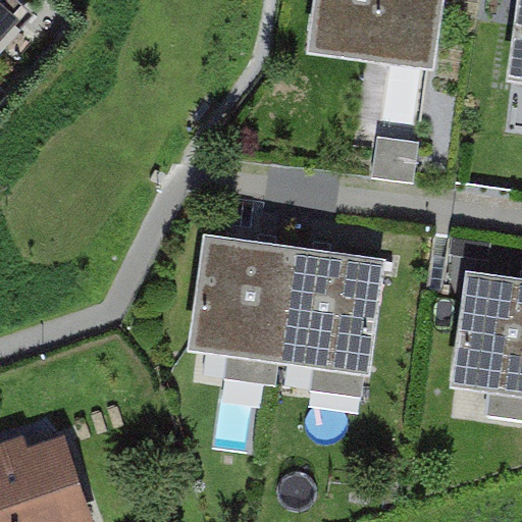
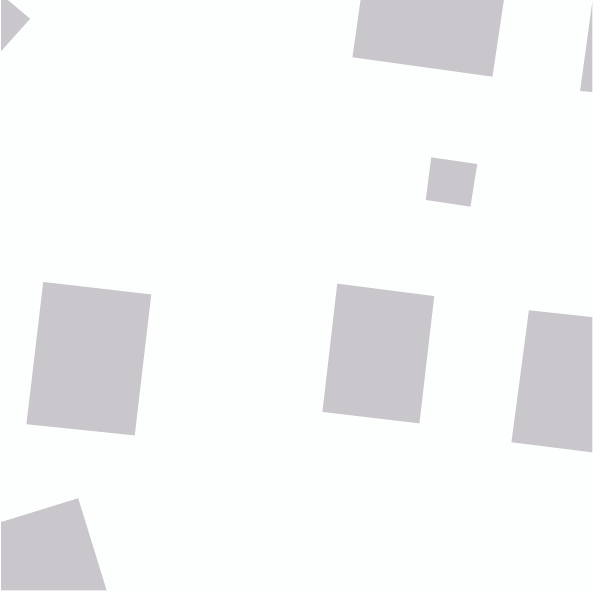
building: [190,239,296,363] -> none
building: none -> [26,281,152,436]

